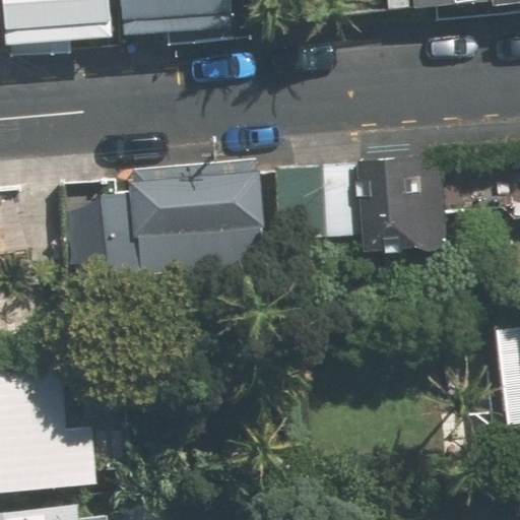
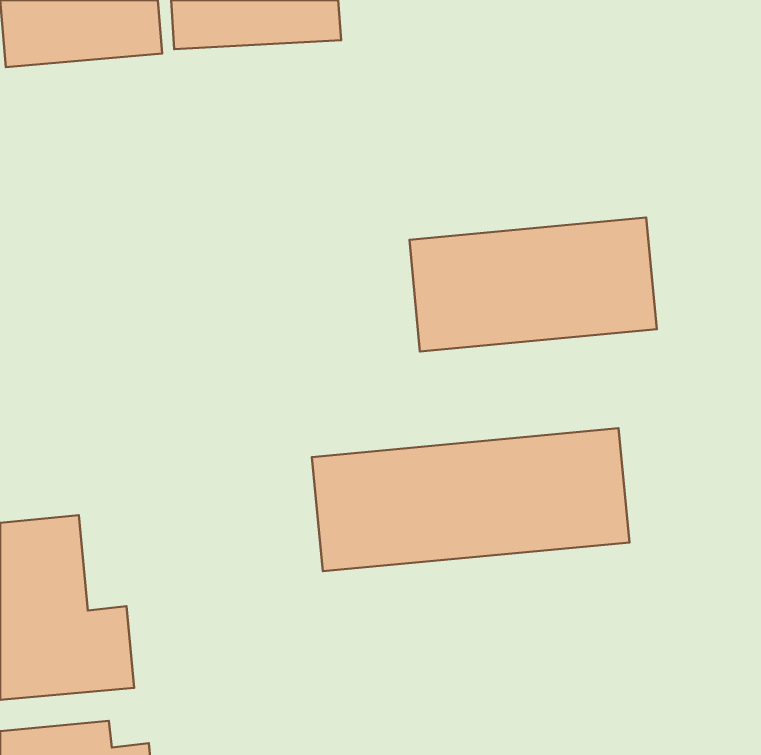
building: [102,171,262,274] -> none
building: none -> [312,428,630,571]

